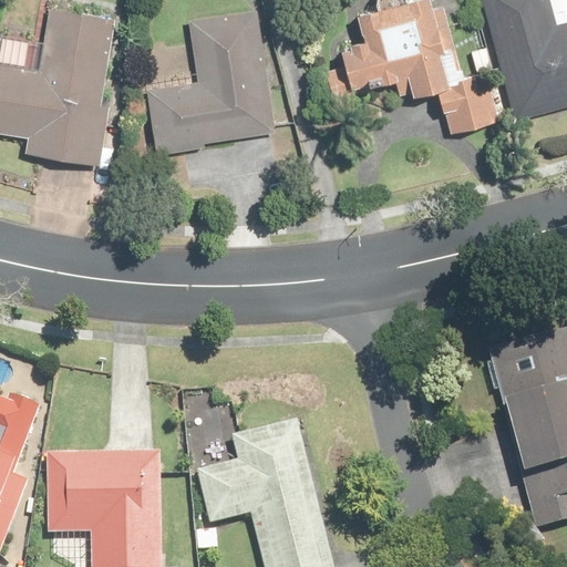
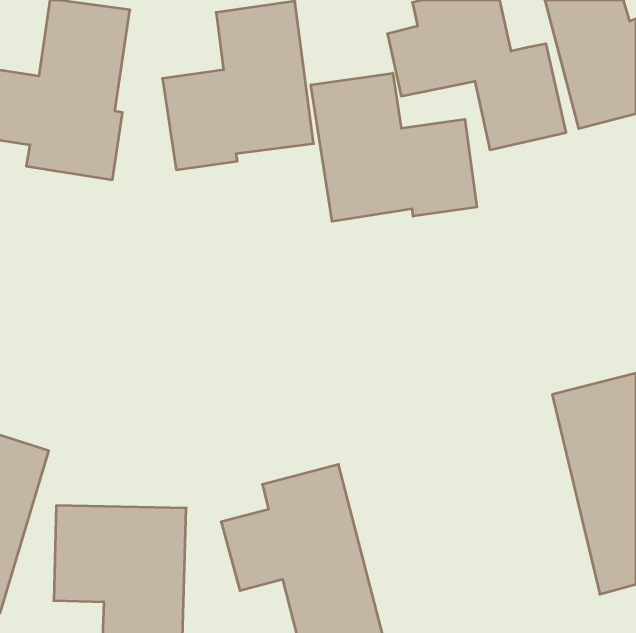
building: none -> [311,73,477,221]

